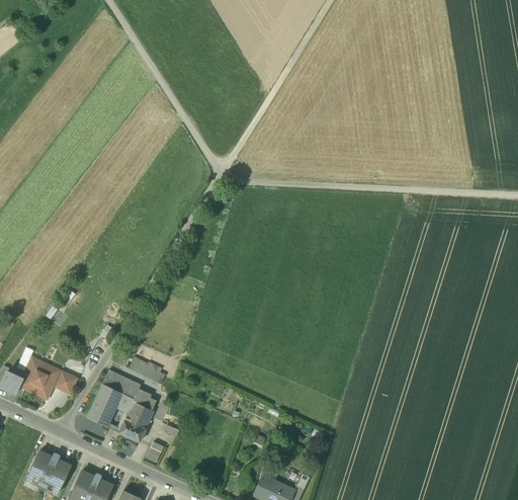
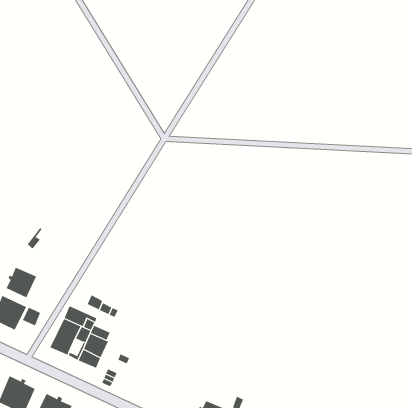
building: none -> [6,267,37,298]

